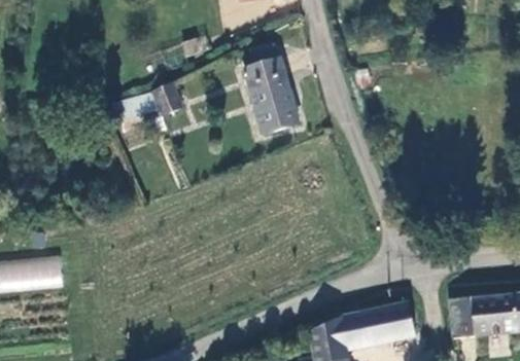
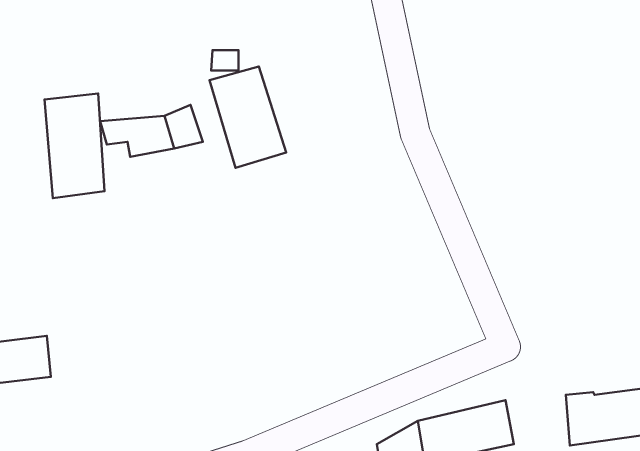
building: [245,55,303,131] -> [209,66,286,168]
building: none -> [44,93,105,198]

